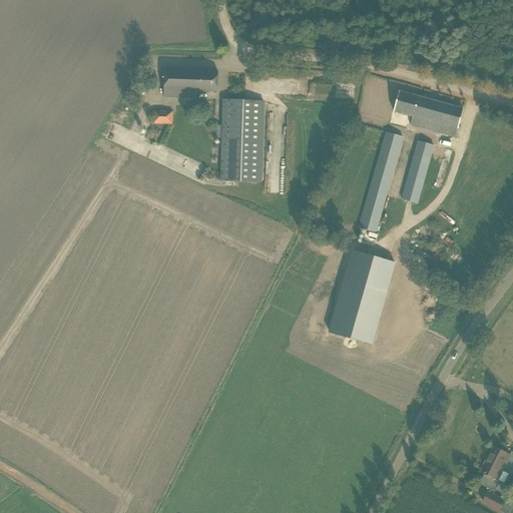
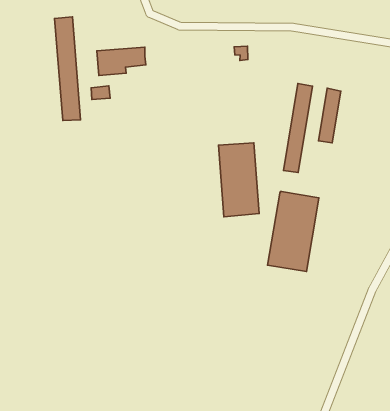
building: none -> [55,17,80,121]
building: [394,91,463,136] -> none
building: [220,99,264,181] -> [218,143,259,217]

